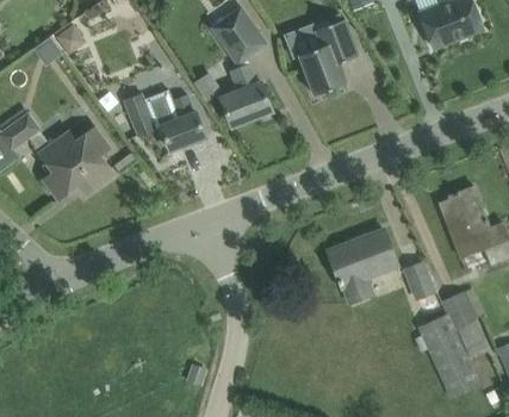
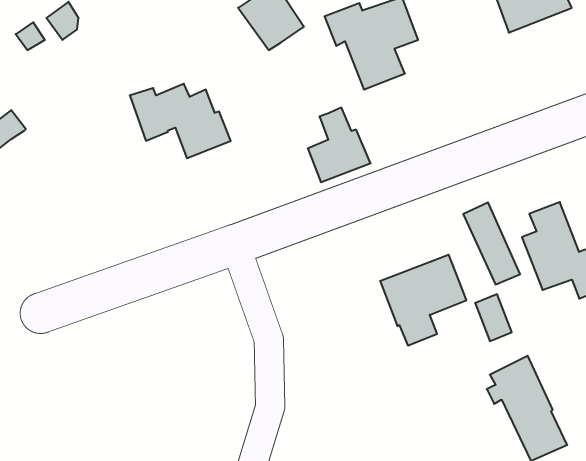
building: [222,66,273,126] -> [308,108,371,182]
building: [39,127,114,200] -> none
building: [442,290,489,356] -> [463,202,520,284]

